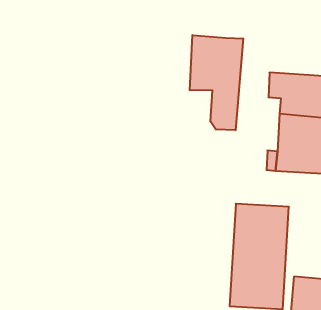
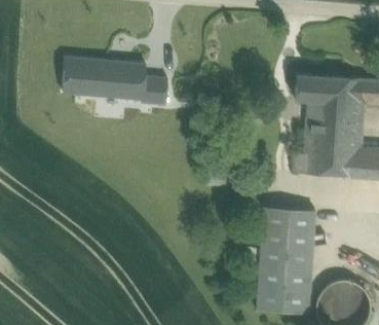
building: [190,35,243,130] -> none
building: none -> [64,59,169,101]

